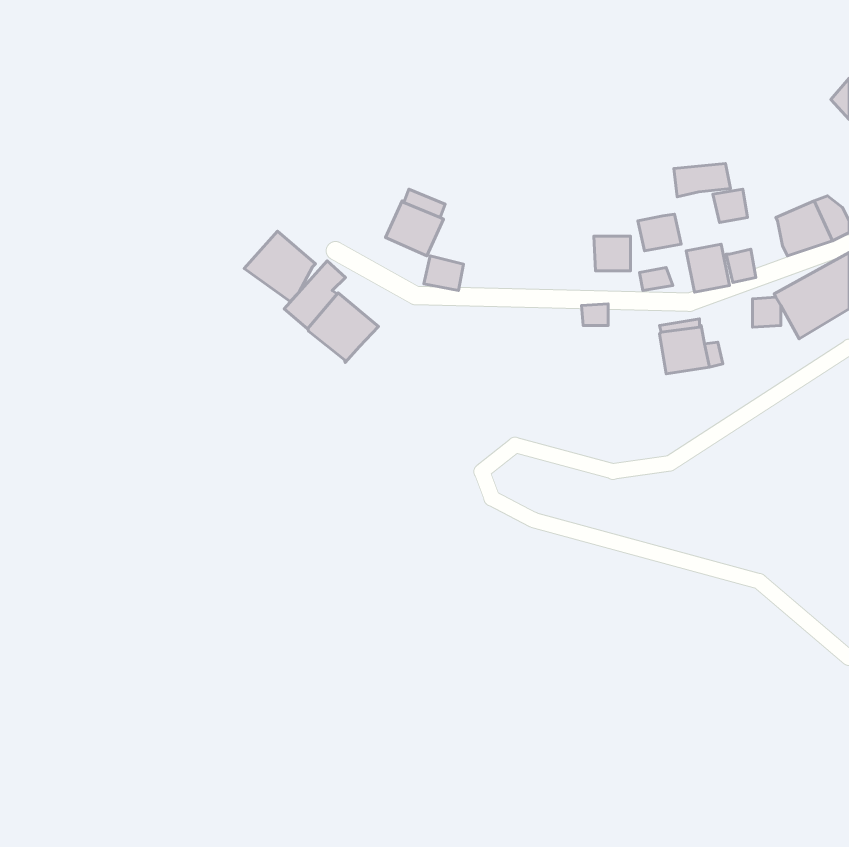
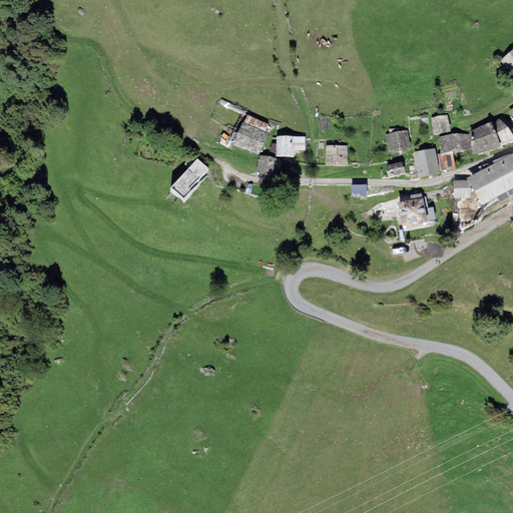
building: [674,164,730,197] -> [438,133,472,153]
building: none -> [277,135,305,156]
building: [244,231,315,302] -> none
building: [594,236,630,271] -> [326,144,348,165]
building: [308,293,378,363] -> none

